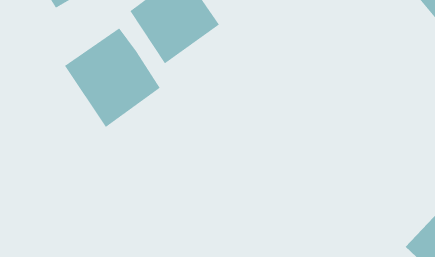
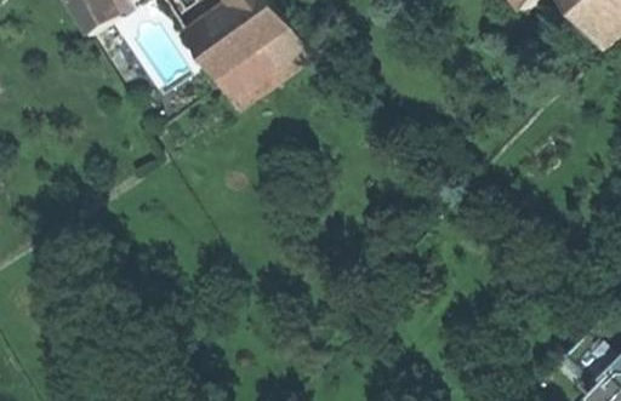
building: [64,27,160,128] -> none

